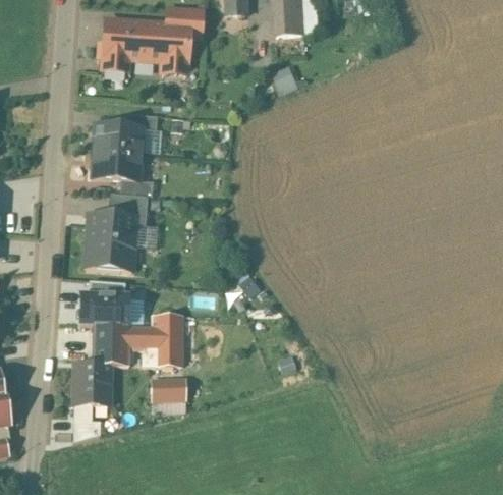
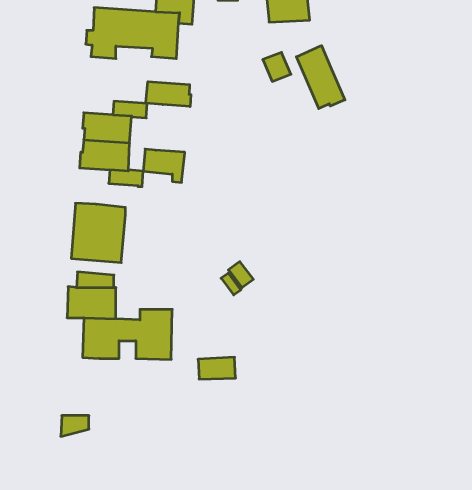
building: none -> [296,46,345,109]
building: none -> [146,82,191,107]
building: [108,191,149,224] -> [143,149,185,182]
building: [74,363,111,404] -> none
building: [155,377,191,398] -> [198,357,236,379]

